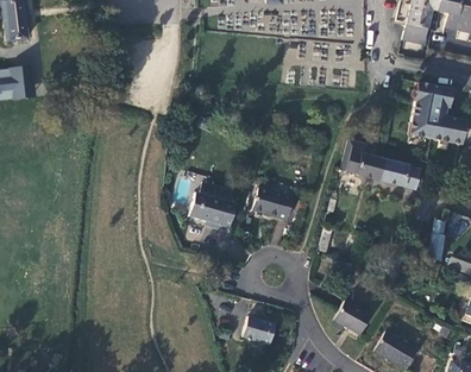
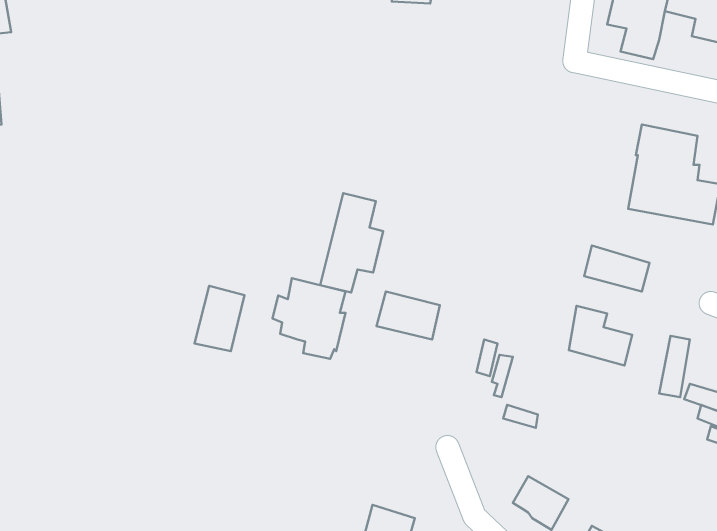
building: none -> [320,193,383,292]
building: [346,143,385,179] -> [569,306,632,365]
building: none -> [195,286,244,351]

